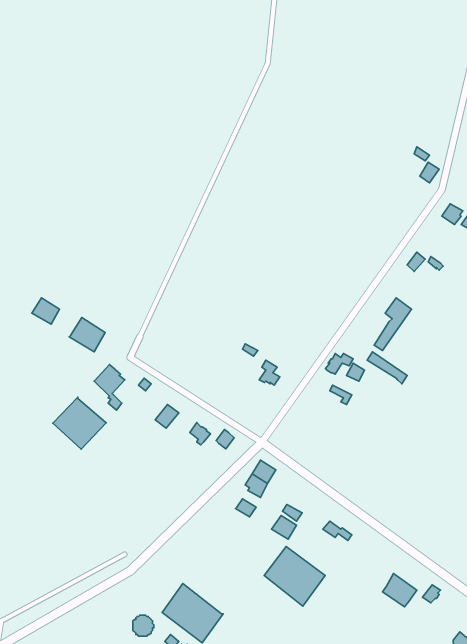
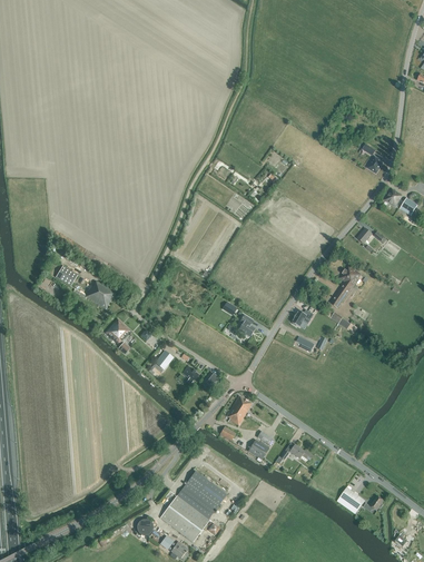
building: [53,397,106,449] -> none
building: [264,546,325,606] -> [177,471,226,519]

